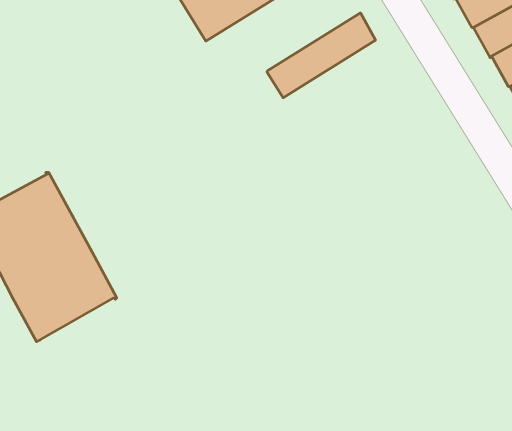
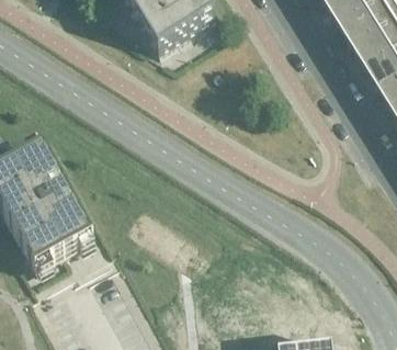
building: [267,13,375,98] -> none

